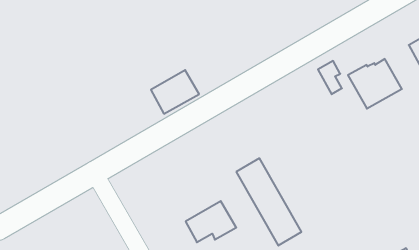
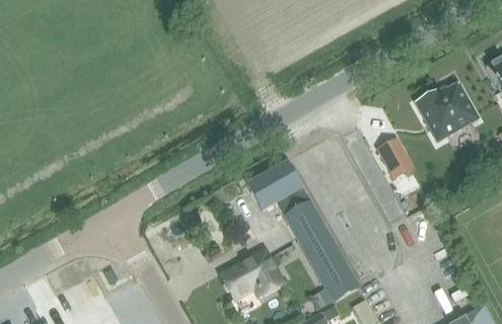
building: [318,61,342,94] -> [378,138,407,177]
building: [151,70,199,114] -> [246,159,303,211]

